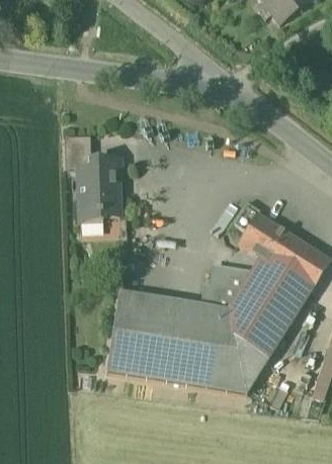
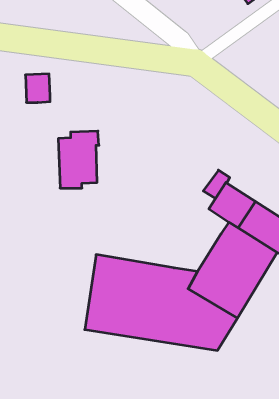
building: [66,135,92,166] -> [25,74,50,102]
building: [202,262,253,307] -> none

